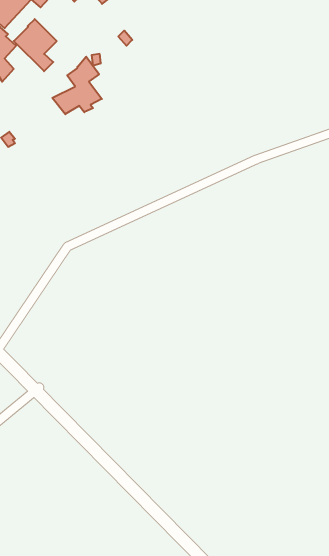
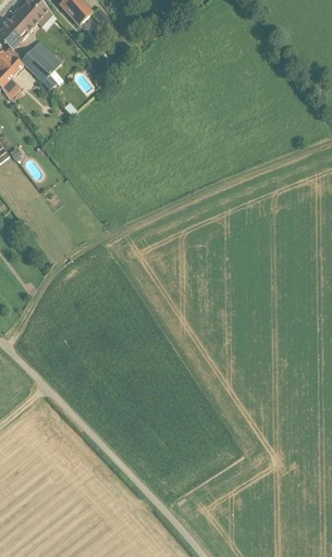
building: [52,57,102,114] -> none

